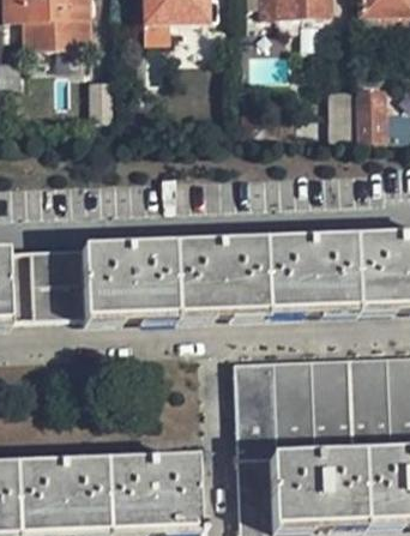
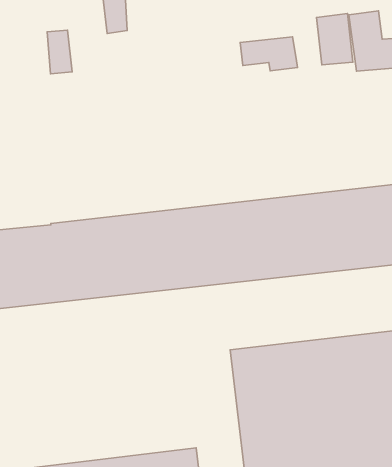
building: none -> [240,37,298,71]

